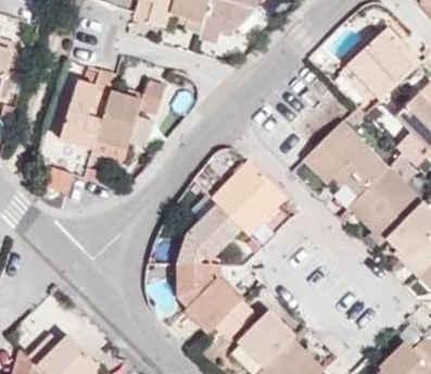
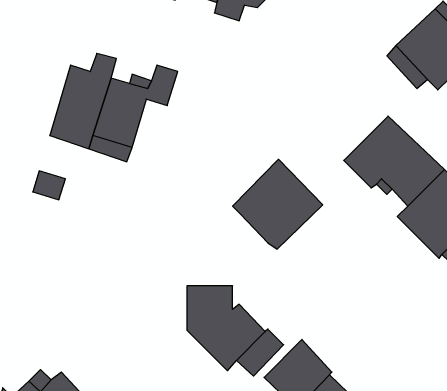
building: [187,203,241,258] -> none

